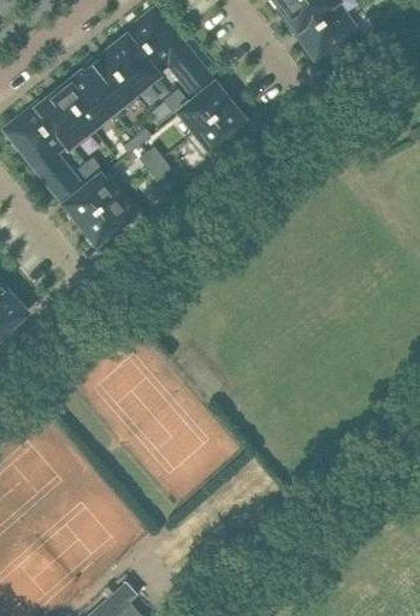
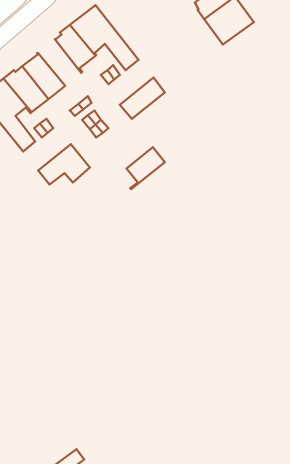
building: [81,55,136,116] -> none
building: [179,85,229,140] -> [126,147,165,189]
building: [65,171,123,224] -> none

